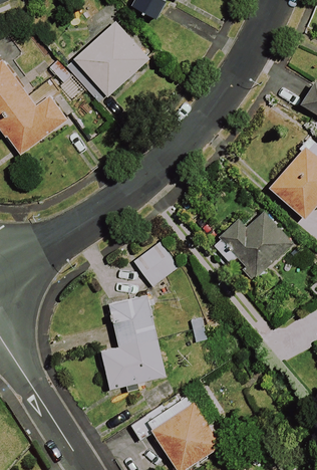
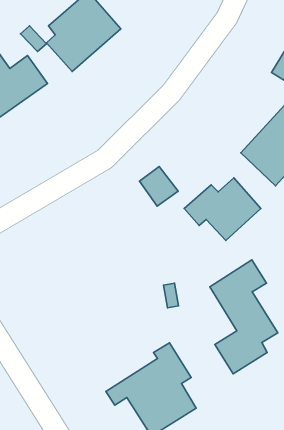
building: [133,246,173,286] -> [139,166,178,206]
building: none -> [210,260,278,374]
building: [101,295,165,393] -> none

